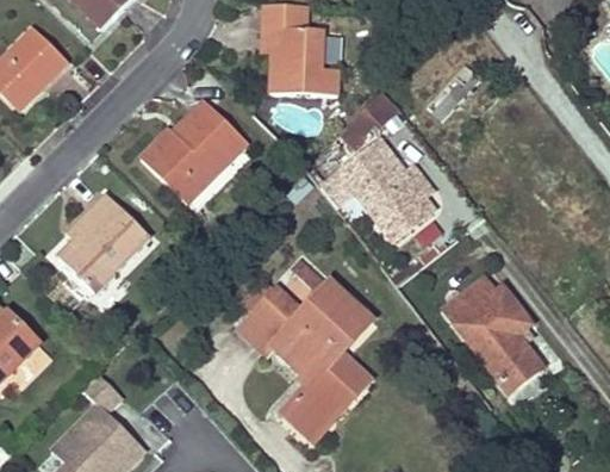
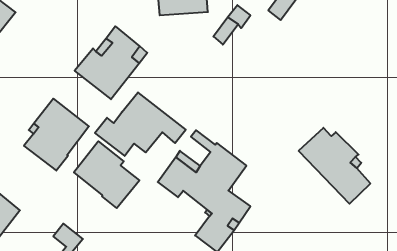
building: [319,138,437,247] -> none
building: none -> [95,92,186,156]
building: none -> [74,141,139,208]

